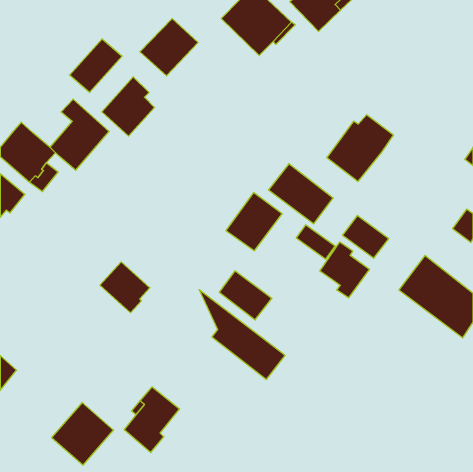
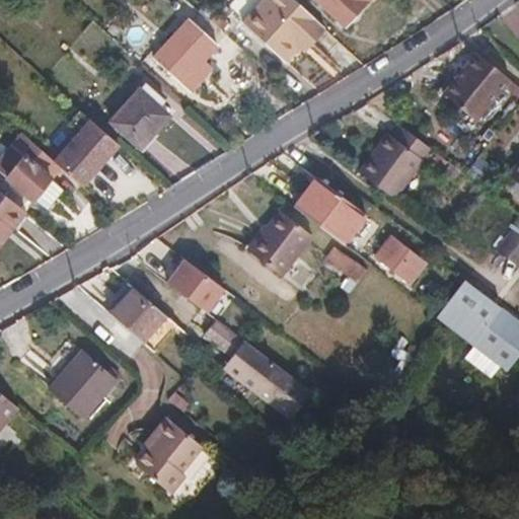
building: [69,39,122,93] -> none
building: none -> [444,53,510,121]
building: [320,242,369,298] -> none
building: [219,271,272,320] -> [164,256,222,310]
building: [52,402,114,465] -> [49,350,117,419]

